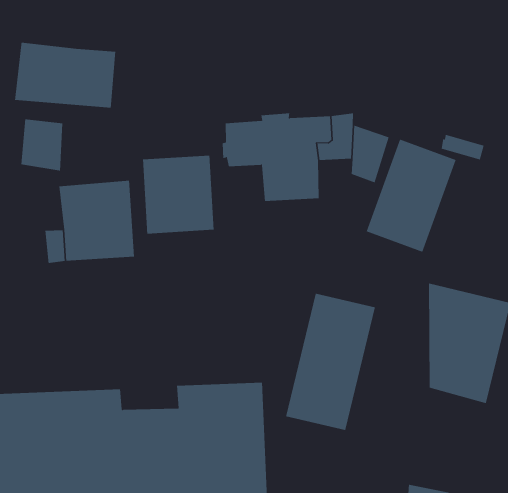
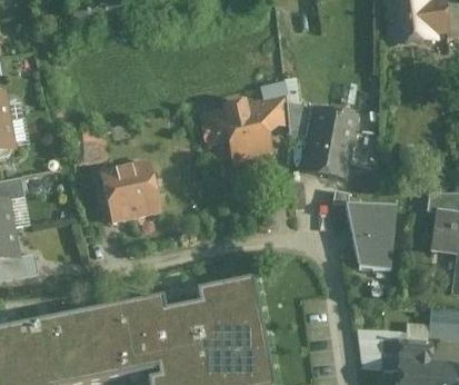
building: [15,42,116,109] -> none
building: [143,155,214,234] -> none
building: [286,293,376,431] -> none

